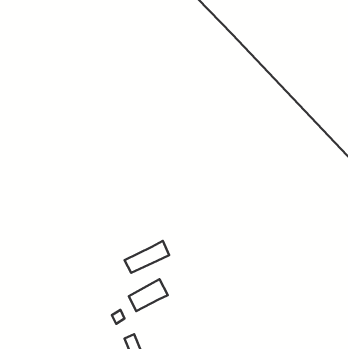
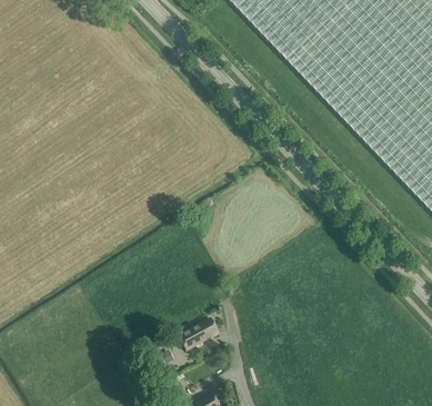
building: [125,241,169,273] -> none

